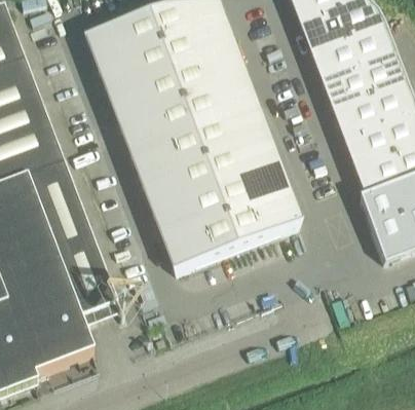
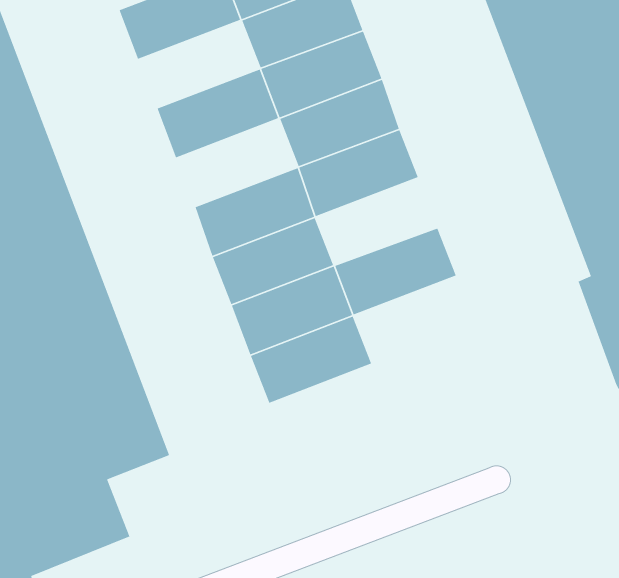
building: [98,39,171,91] -> none
building: [120,98,193,150] -> none
building: [203,133,276,185] -> none
building: [226,191,299,244] -> none

